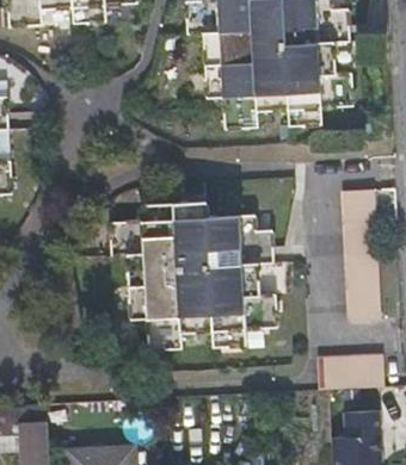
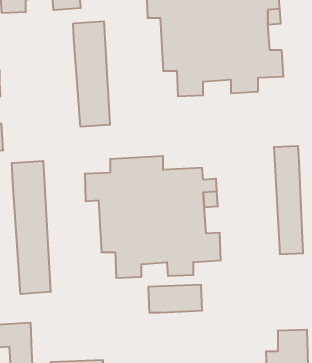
building: none -> [73,21,110,127]
building: none -> [12,161,51,294]
building: [314,355,380,389] -> [148,285,202,312]

